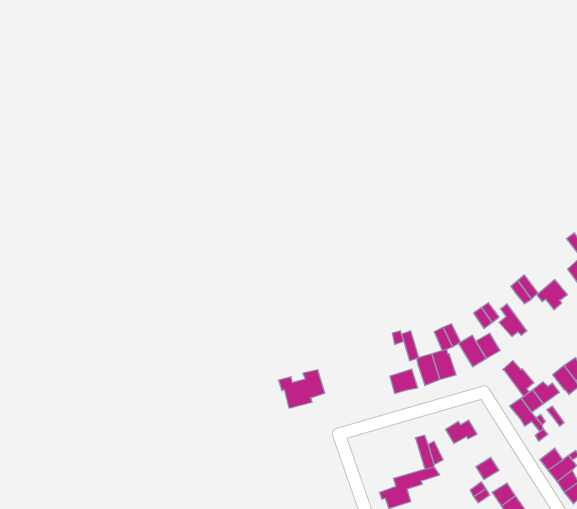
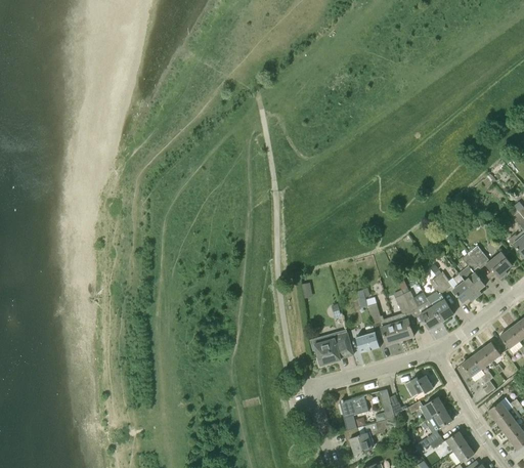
building: [503,360,534,397] -> [458,265,486,297]
building: [278,370,325,408] -> [311,331,352,365]
building: none -> [340,395,368,418]
building: none -> [408,396,445,420]

